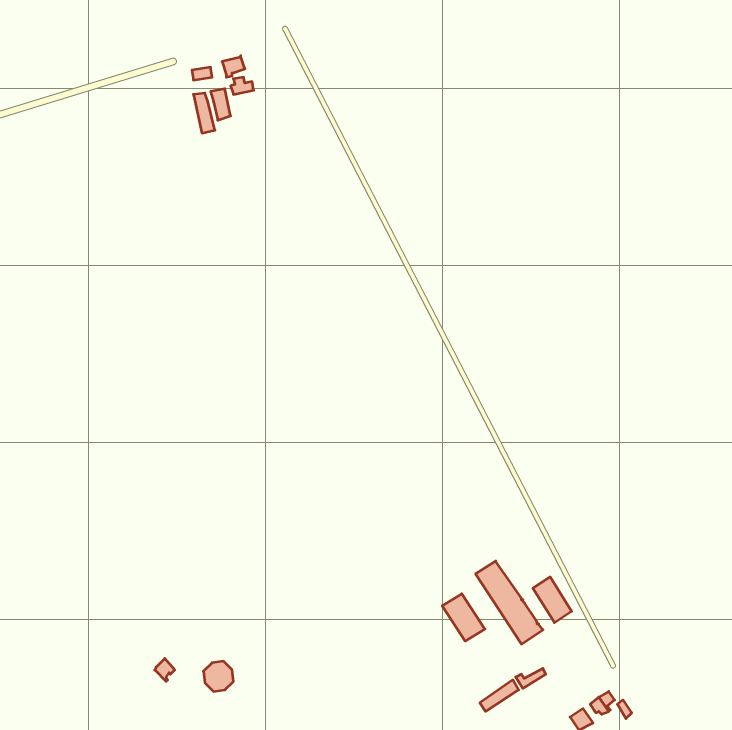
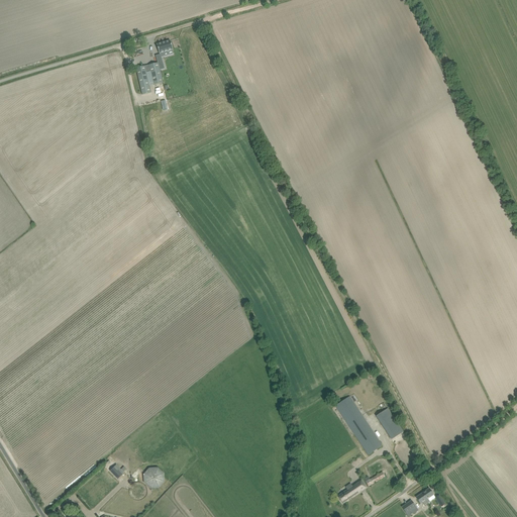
building: [442,594,485,641] -> none

